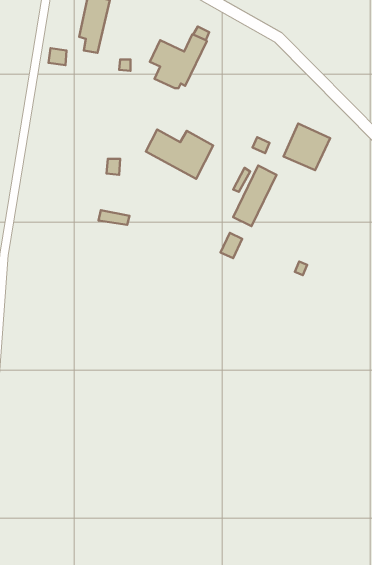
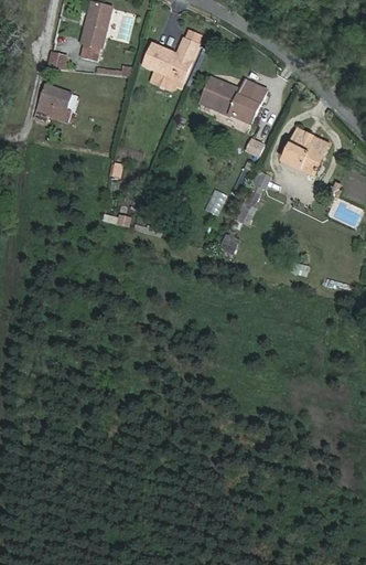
building: none -> [36,86,74,125]
building: [146,130,213,179] -> [202,77,267,125]

